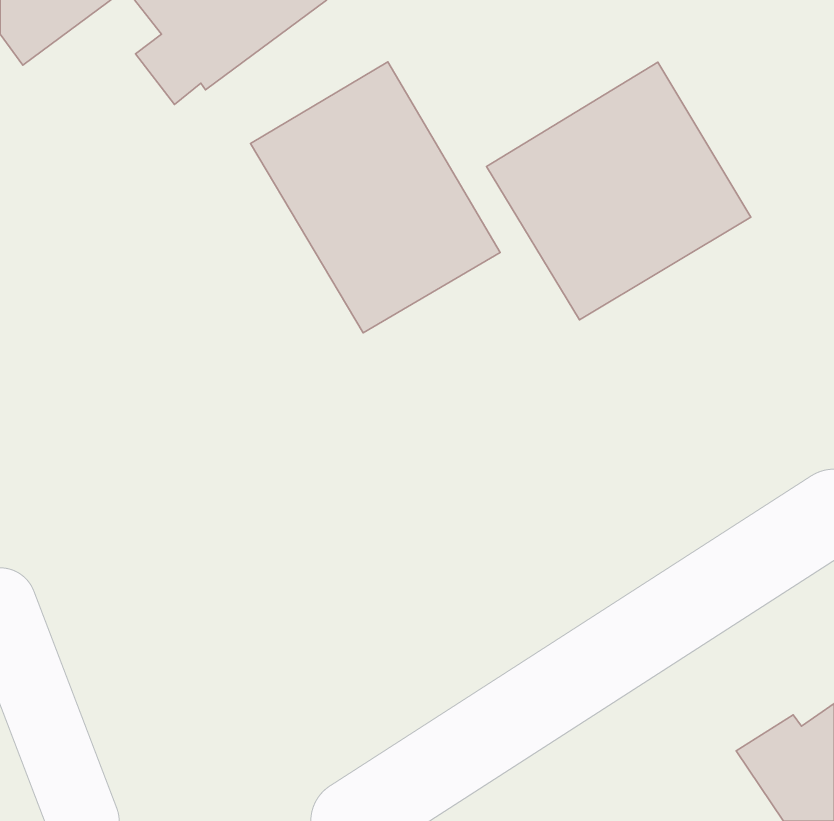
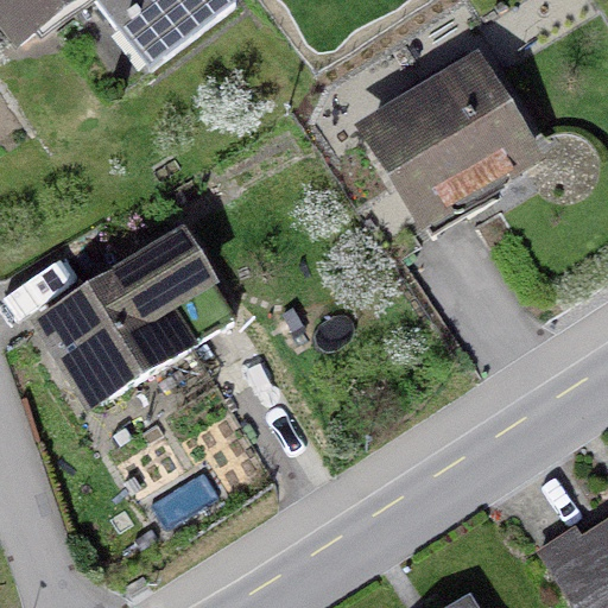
building: [250,62,500,333] -> none
building: none -> [34,226,235,408]

